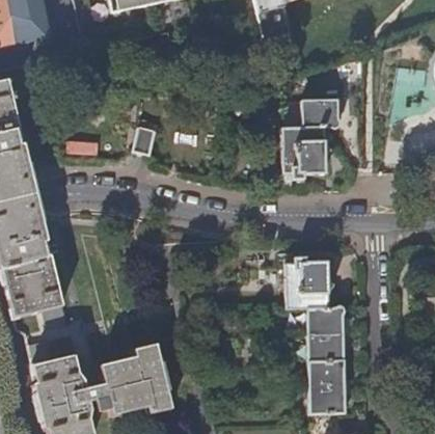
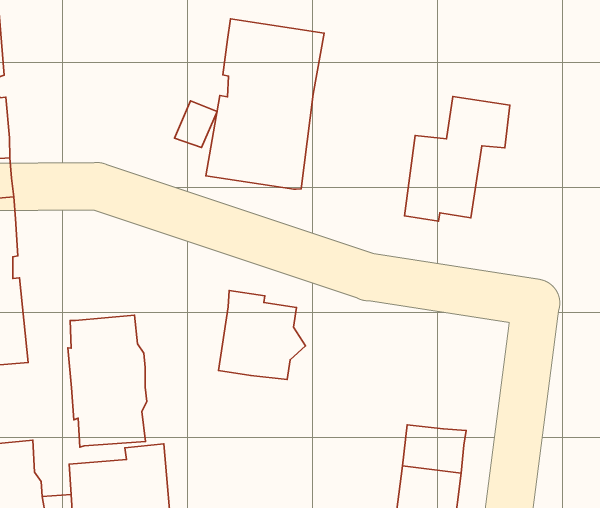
building: none -> [206,19,324,189]
building: [283,257,336,308] -> [218,290,306,380]
building: none -> [68,315,147,447]

